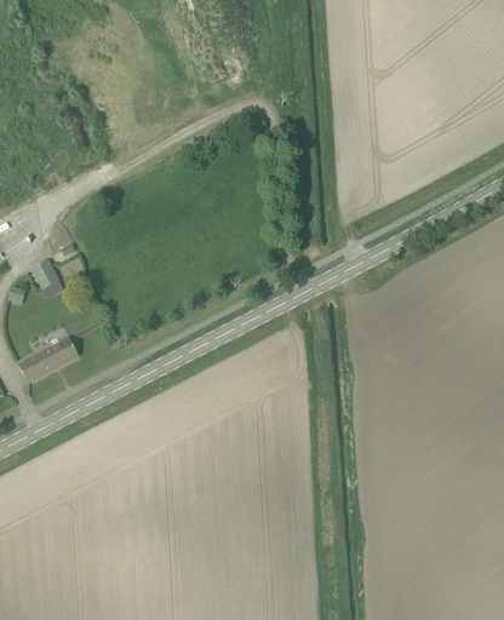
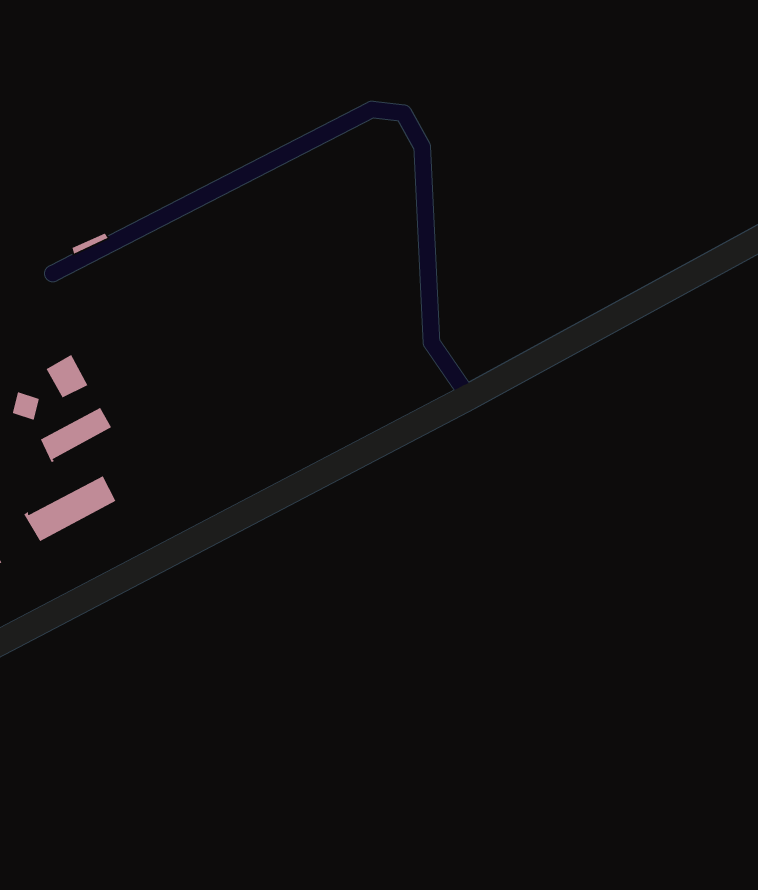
building: none -> [40,407,112,463]

